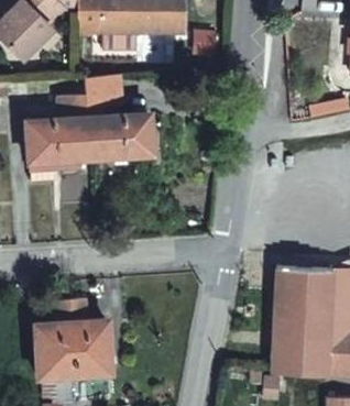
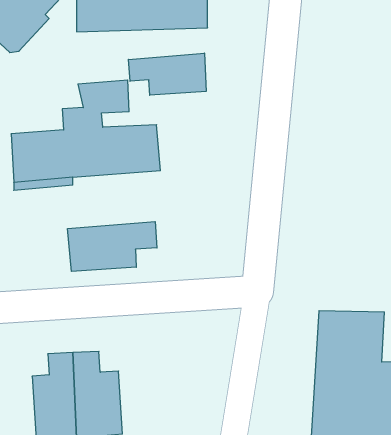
building: none -> [128,53,206,95]
building: none -> [68,222,157,271]

